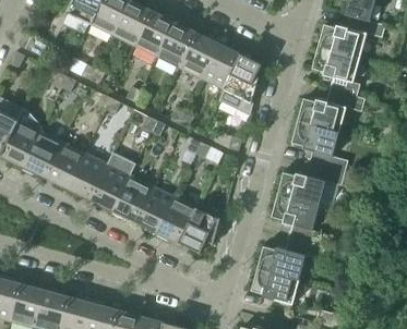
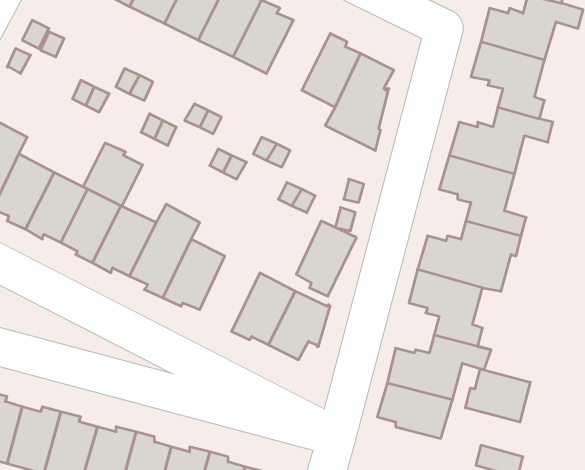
building: [178,32,219,77] -> none
building: none -> [83,143,143,206]
building: [134,185,173,234] -> [296,221,356,296]
building: none -> [465,369,530,422]

